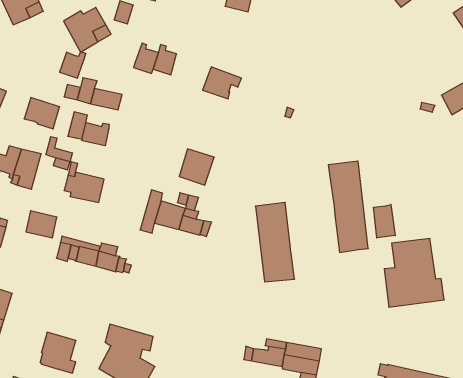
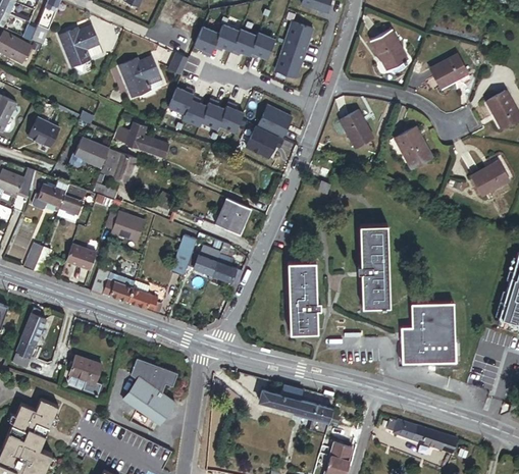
building: none -> [338,109,373,148]
building: none -> [258,103,292,136]
building: none -> [218,101,244,130]
building: none -> [399,123,436,165]
building: [60,52,86,78] -> [168,87,195,112]
building: [82,123,109,146] -> none
building: [374,204,395,238] -> none

